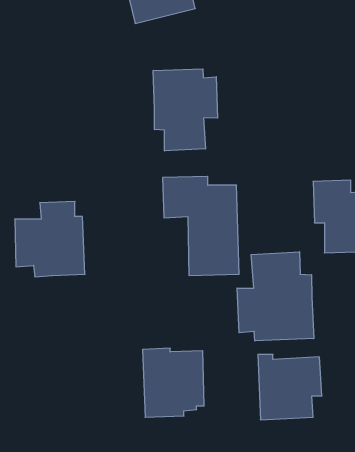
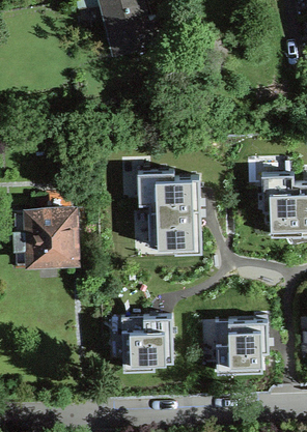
building: [153,69,218,151] -> none
building: [237,252,314,341] -> none

